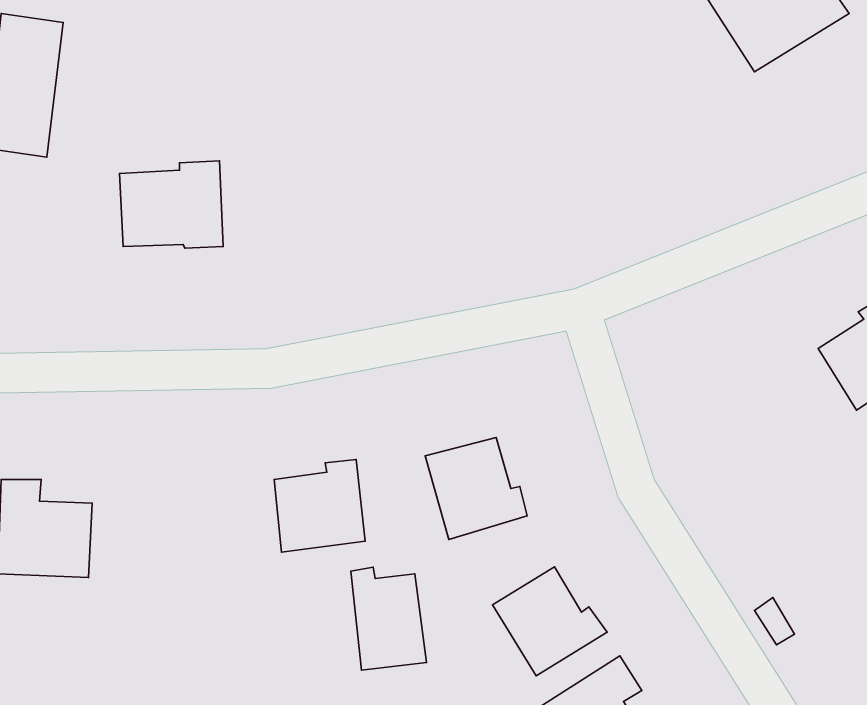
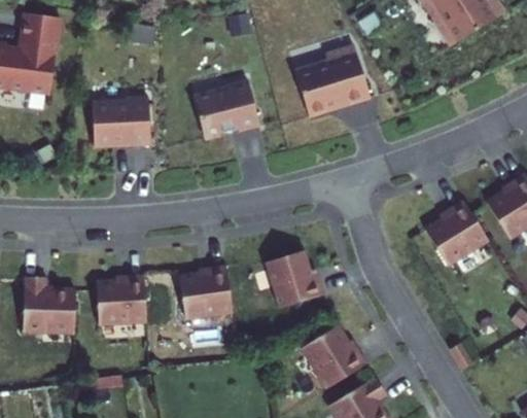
building: none -> [293,46,368,116]
building: none -> [192,79,258,138]
building: none -> [424,200,486,265]
building: none -> [96,275,147,324]
building: [351,567,426,670] -> none

